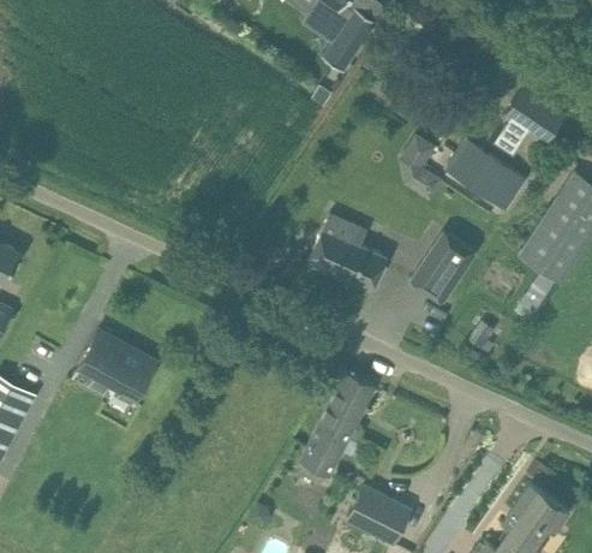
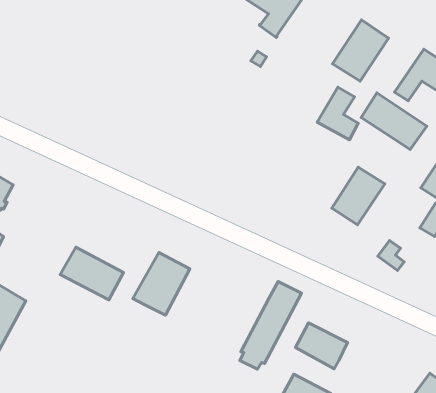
building: none -> [333,20,389,81]
building: [306,214,387,291] -> none
building: none -> [133,253,190,315]
building: none -> [295,323,347,369]

